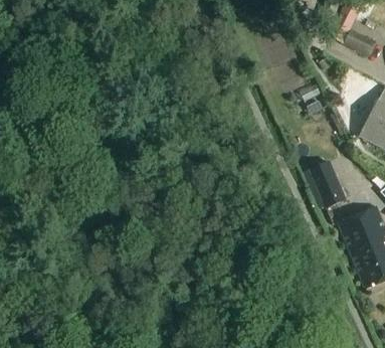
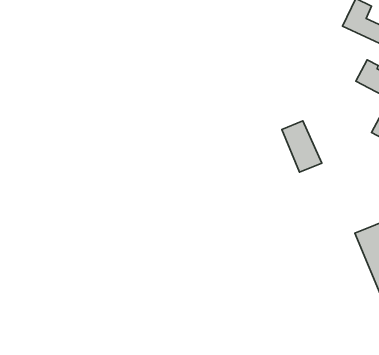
building: [313,163,349,209] -> [282,121,322,172]

